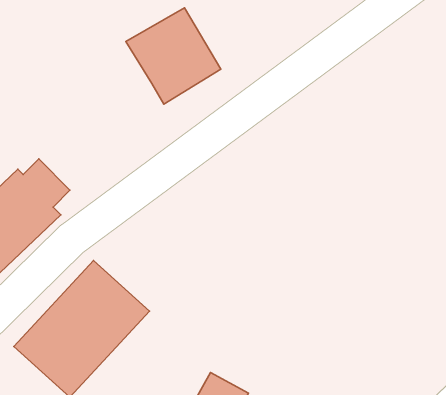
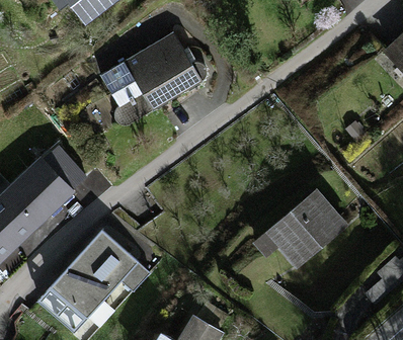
building: none -> [102,59,146,105]
building: none -> [256,191,341,264]

